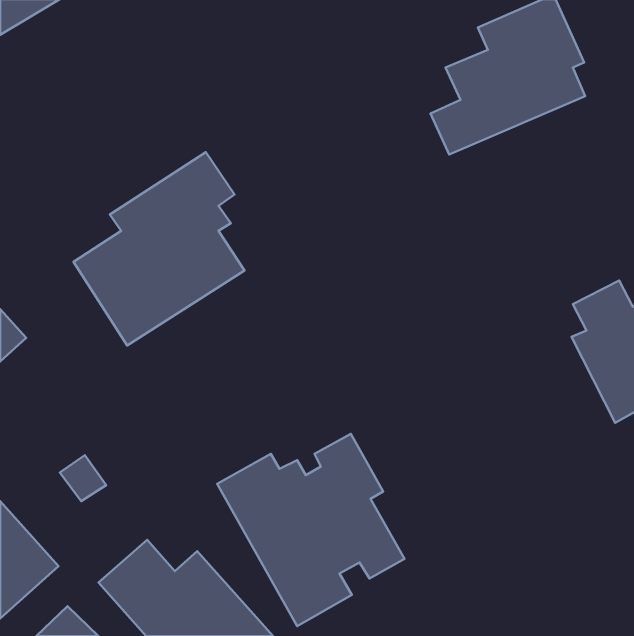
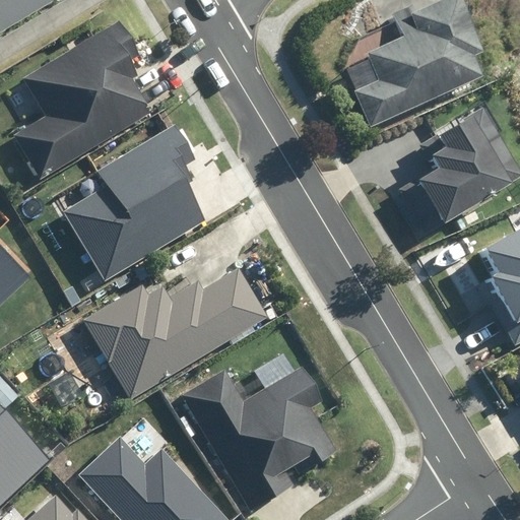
building: none -> [15,22,152,182]
building: none -> [404,101,511,225]
building: none -> [86,271,267,397]

